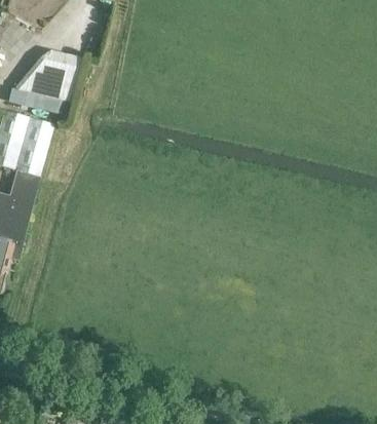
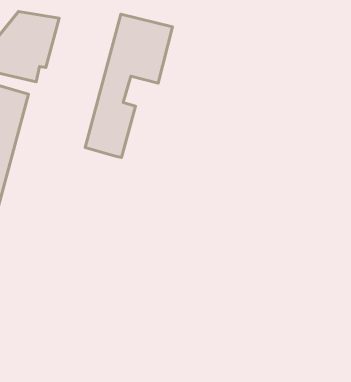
building: none -> [85,14,172,158]

